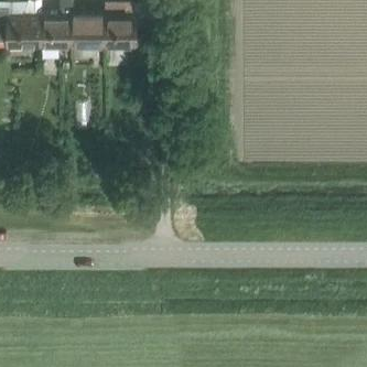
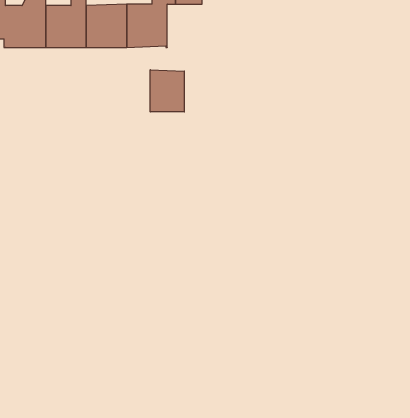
building: none -> [150,70,184,112]

